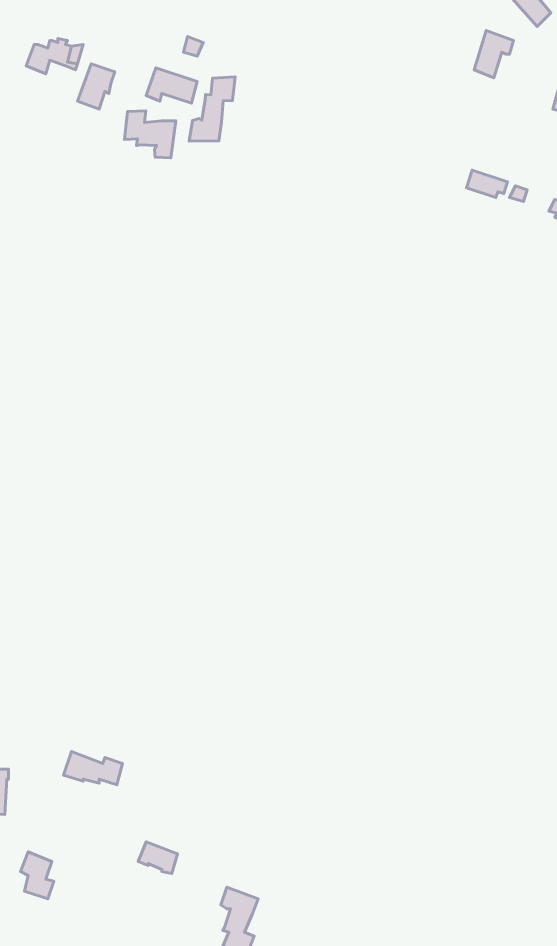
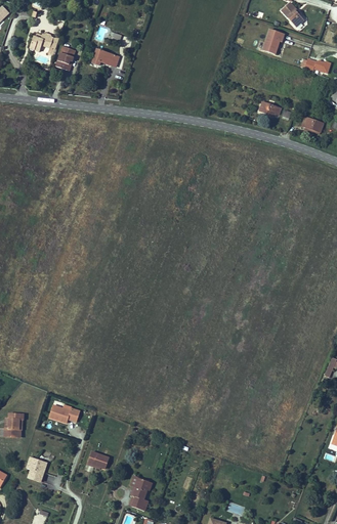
building: [189,77,235,141] -> none
building: [125,111,176,158] -> none

